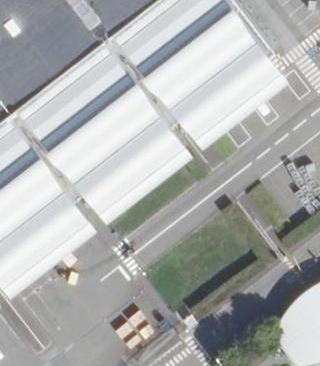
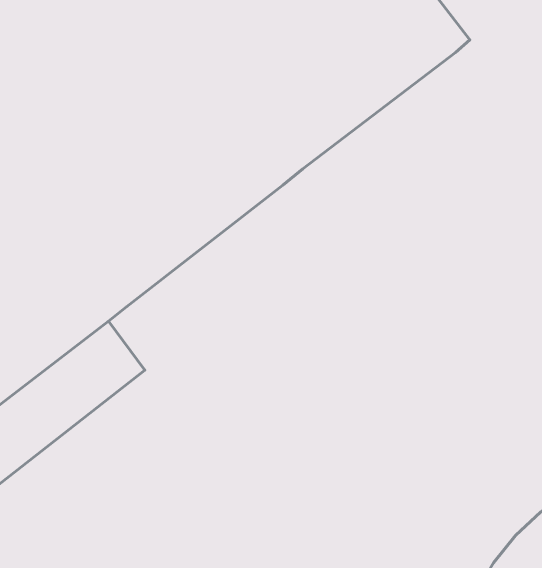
building: [176,49,283,142] -> none
building: [79,122,187,215] -> none

